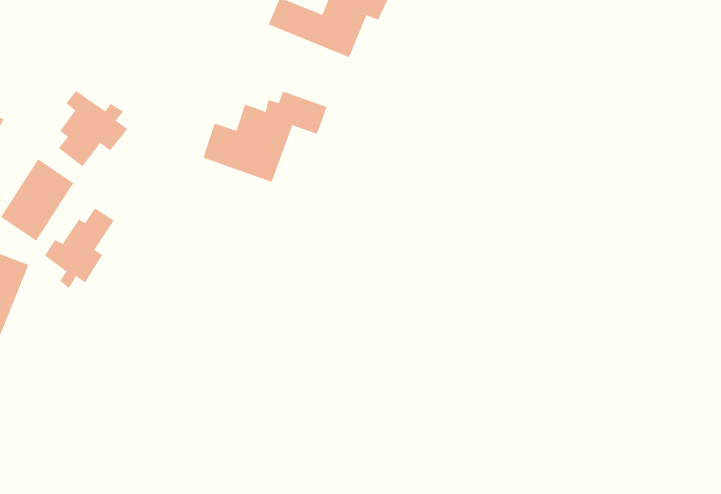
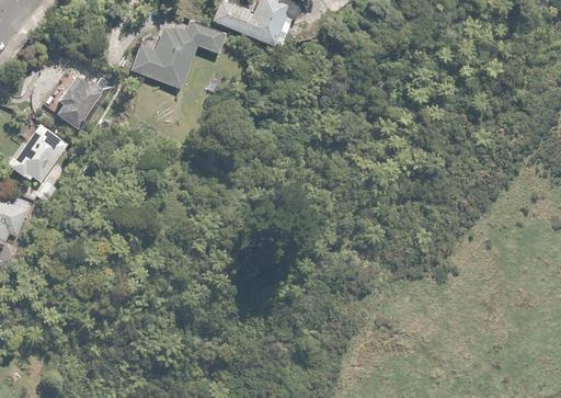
building: [202,91,328,183] -> [130,21,225,90]
building: [44,208,114,289] -> none

